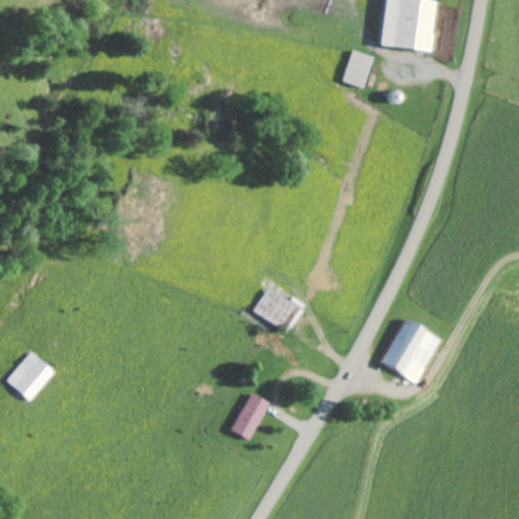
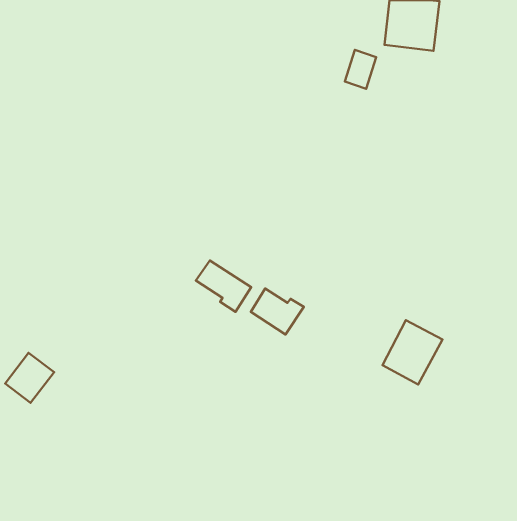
building: none -> [196,260,251,312]
building: [228,392,265,440] -> none

